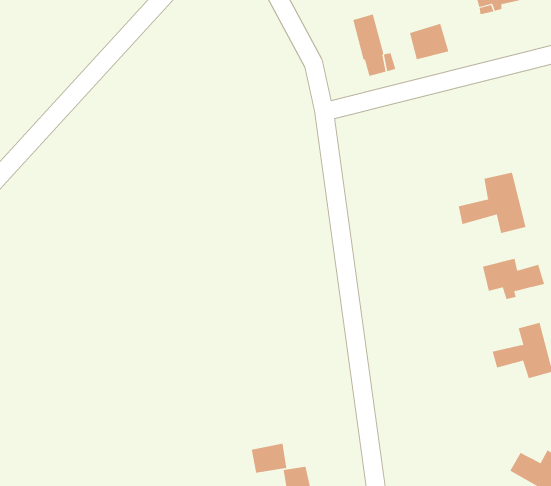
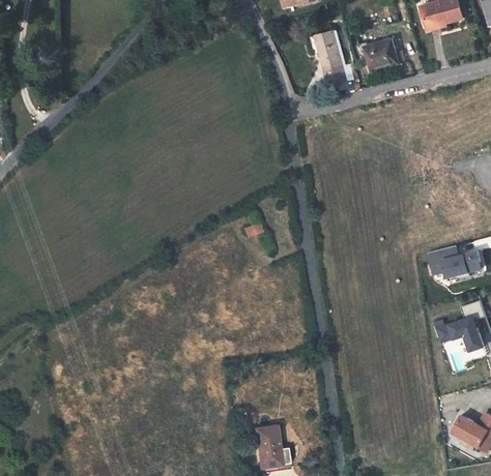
building: [458,172,526,234] -> none
building: [251,443,287,473] -> none

